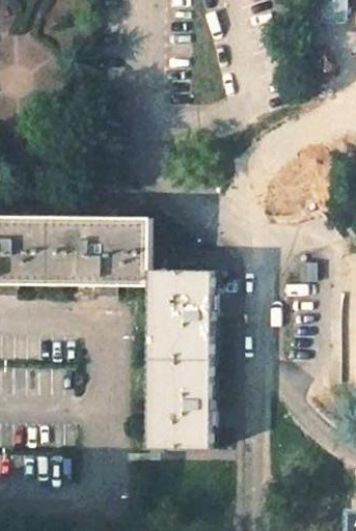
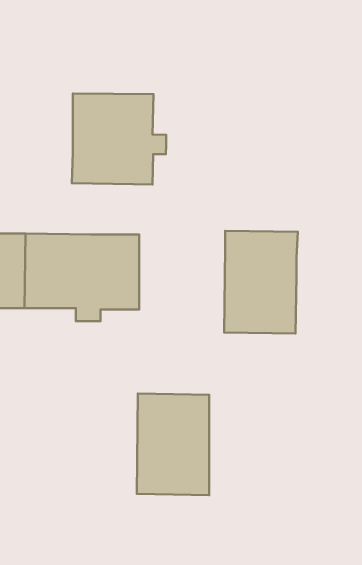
building: none -> [72,94,166,184]
building: [153,269,218,360] -> [224,231,298,334]

